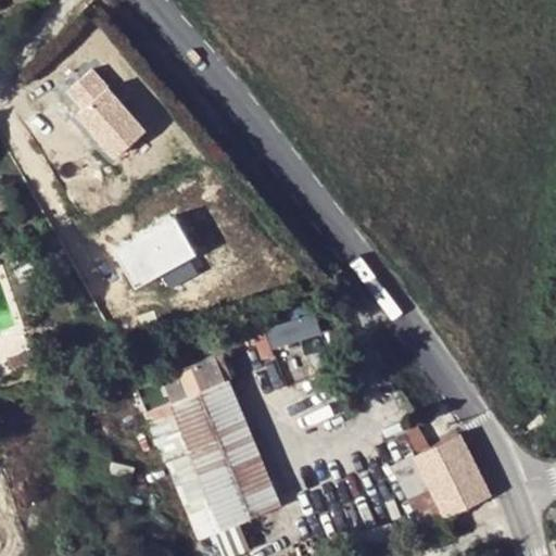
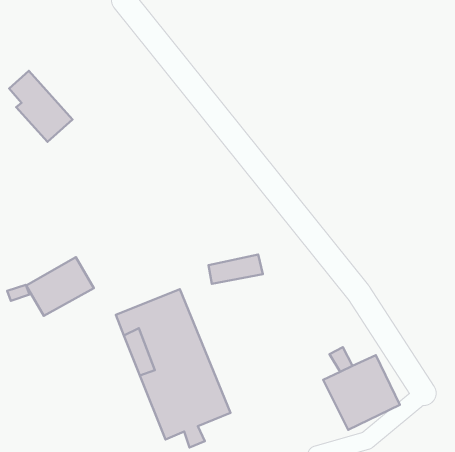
building: [68,72,146,159] -> [9,71,72,142]
building: [114,217,197,289] -> [26,257,94,316]

